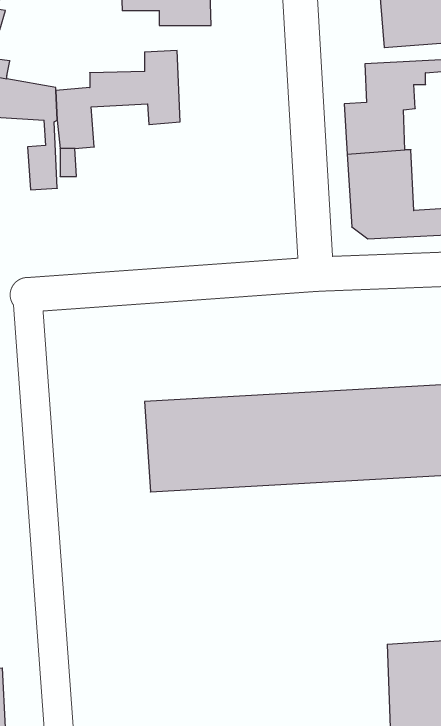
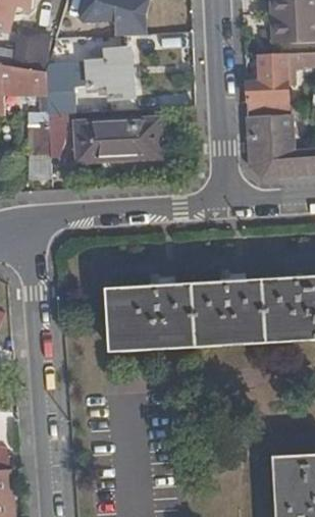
building: none -> [11,33,43,69]
building: none -> [77,124,154,156]

